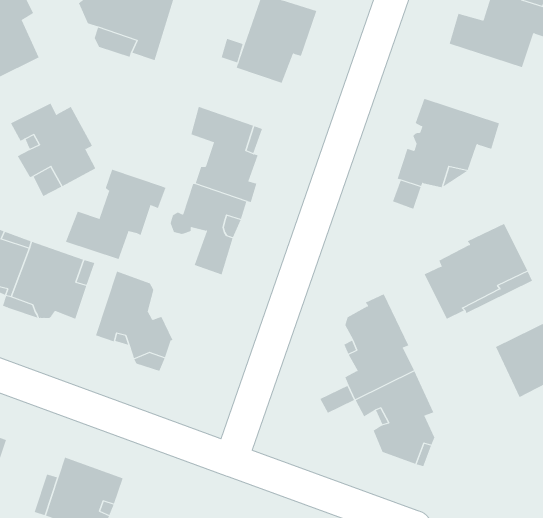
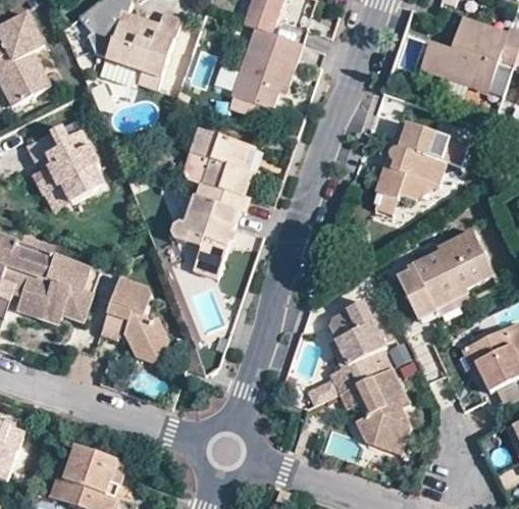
building: [65,169,166,260] -> none

